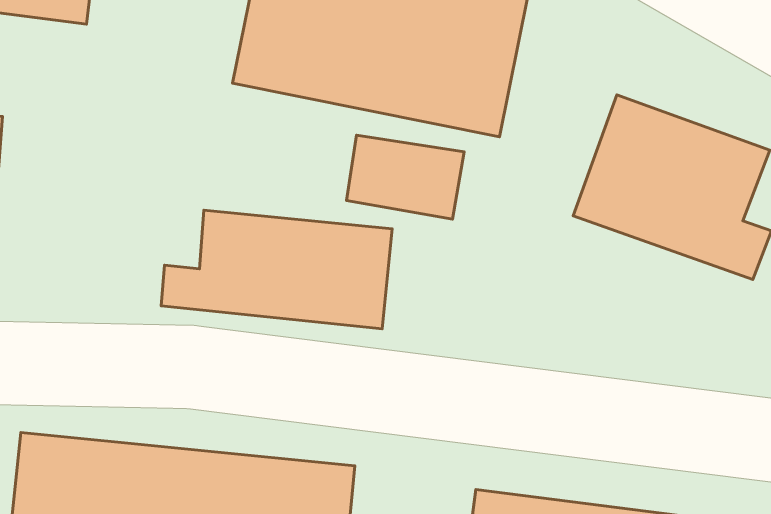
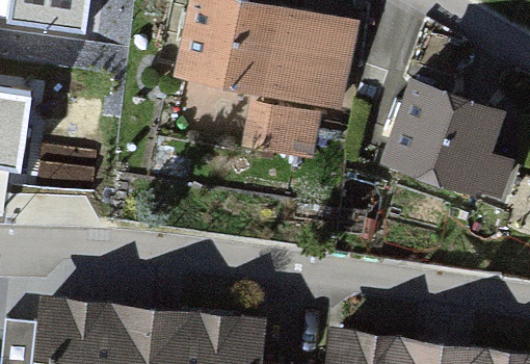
building: [161,210,392,329] -> none

